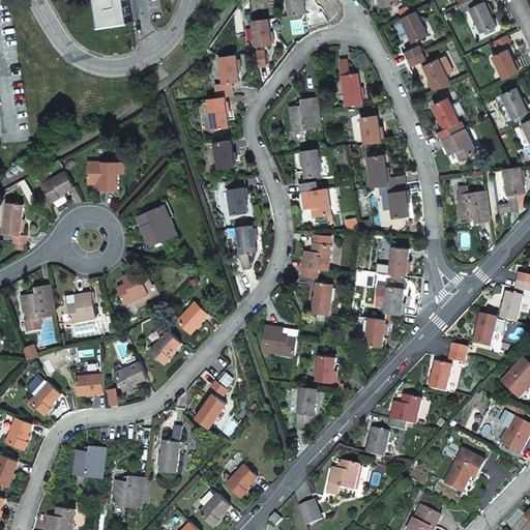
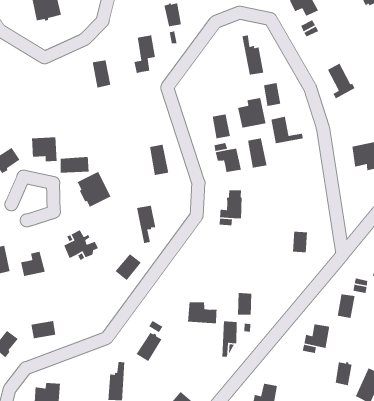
building: [423,54,454,88] -> none
building: [203,94,224,127] -> [92,59,111,89]
building: [286,94,319,129] -> [237,97,267,129]
building: [441,126,476,157] -> none
building: [210,138,231,168] -> none
building: [385,181,407,216] -> [247,138,267,169]
building: none -> [60,156,89,174]
building: [232,226,254,270] -> [136,205,156,244]
building: [387,246,407,275] -> none
building: [310,283,329,315] -> none
building: [362,318,383,347] -> none
building: [259,325,295,353] -> [187,301,218,324]
building: [148,332,180,365] -> none
building: [112,362,146,391] -> none
building: [364,429,386,458] -> [335,361,353,386]

